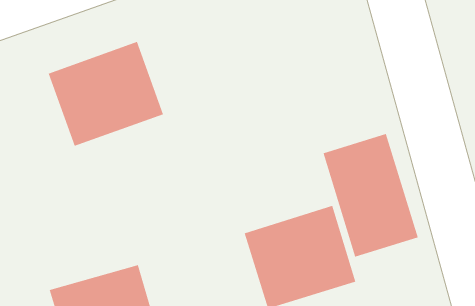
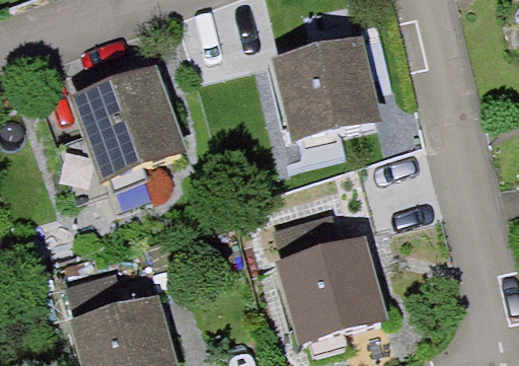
building: none -> [267,30,383,145]
building: [323,133,418,257] -> none

